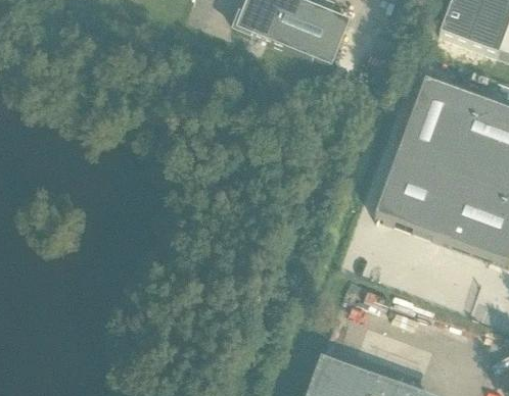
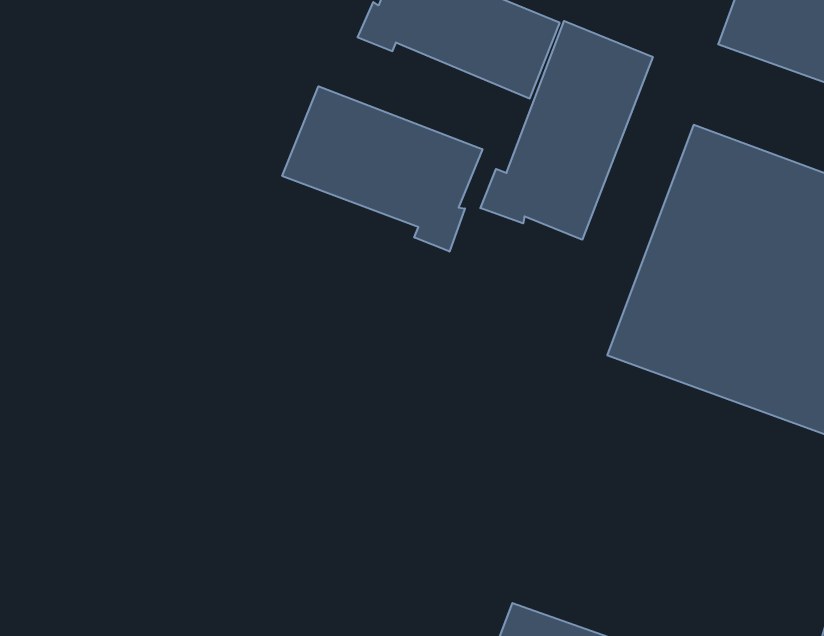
building: none -> [480,21,653,240]
building: none -> [282,86,482,252]

